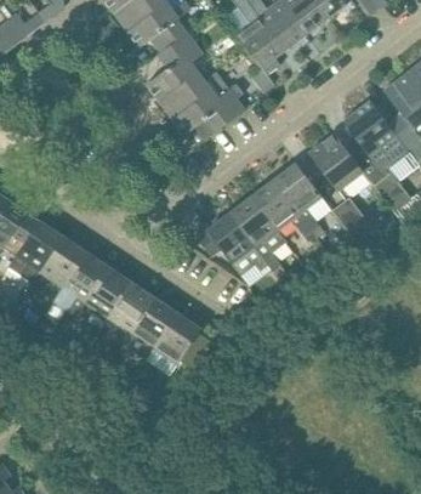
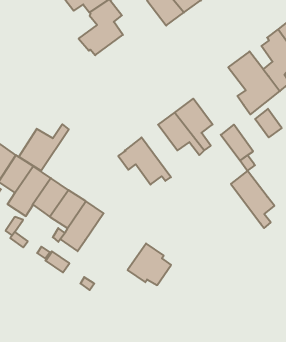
building: [167,72,245,135] -> none
building: [309,134,363,191] -> none
building: none -> [19,124,69,171]
building: [228,197,285,272] -> [231,171,274,228]
building: [154,313,211,368] -> [128,243,171,285]

